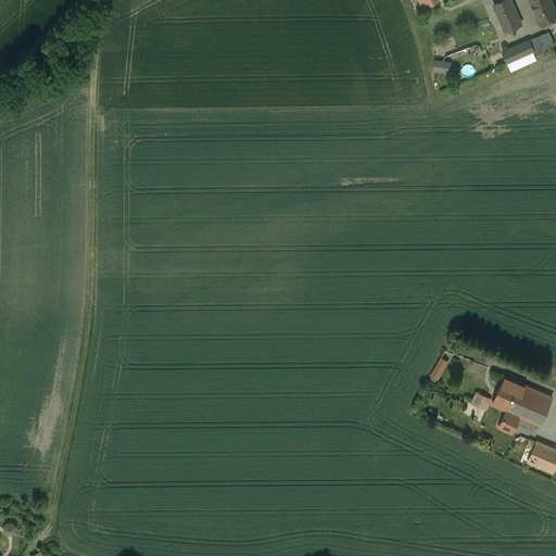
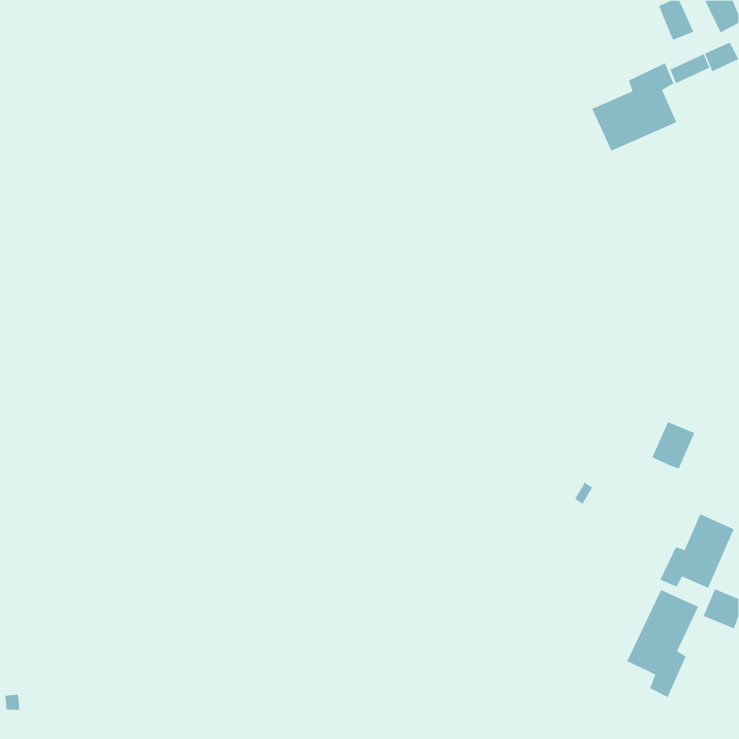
building: none -> [591,62,677,151]
building: [493,377,526,413] -> [652,421,695,469]
building: none -> [626,589,699,698]

